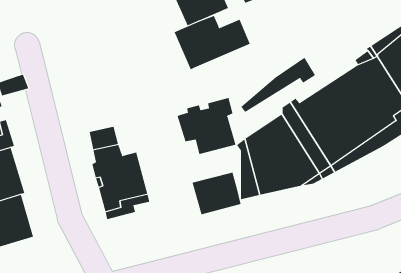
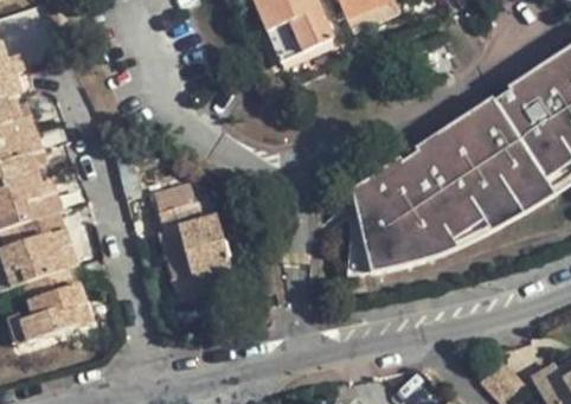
building: [174,15,250,70] -> none
building: [240,57,316,113] -> none
building: [177,97,236,155] -> none
building: [192,172,241,215] -> none

